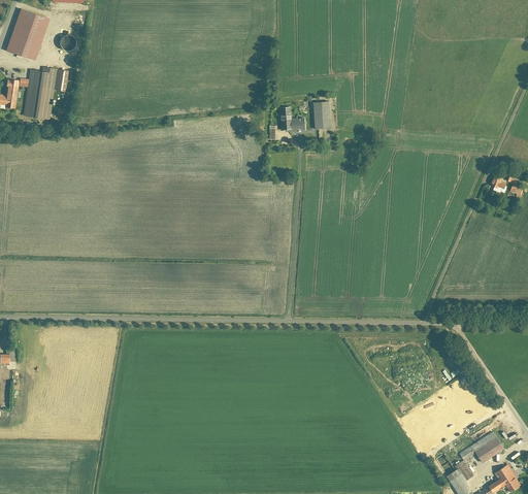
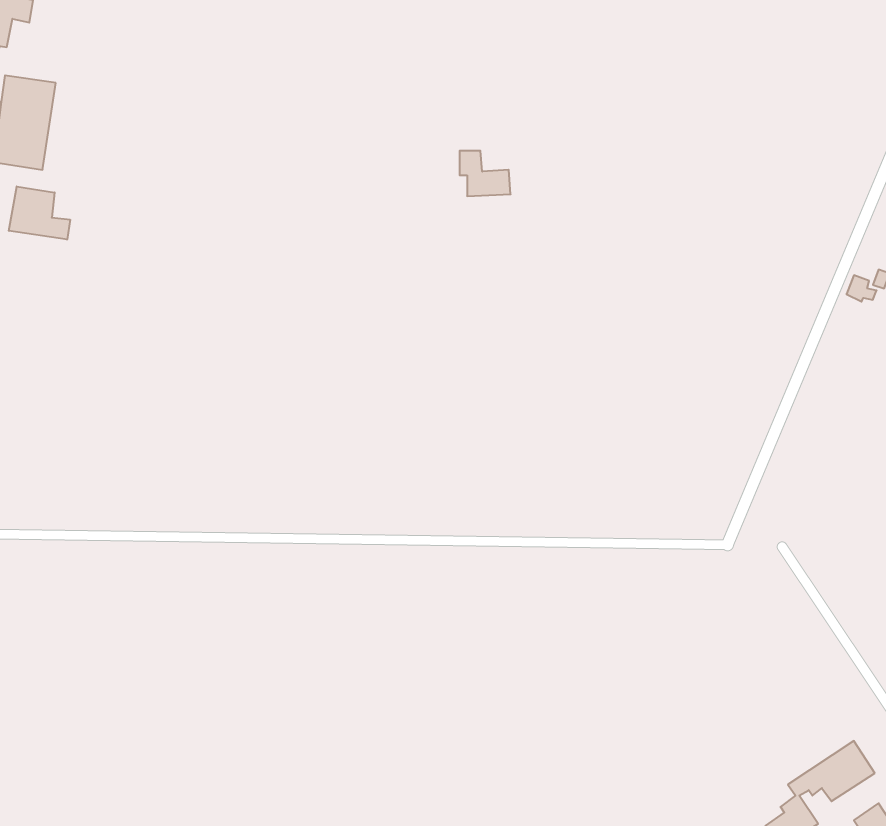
building: [311,101,330,130] -> none
building: none -> [9,186,70,240]

